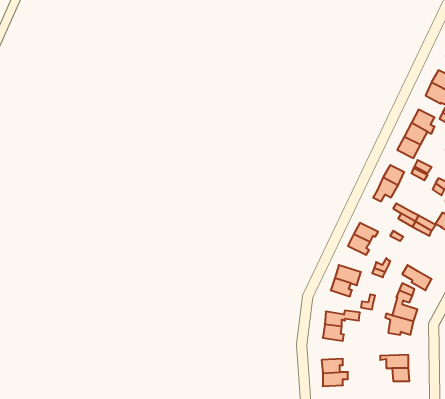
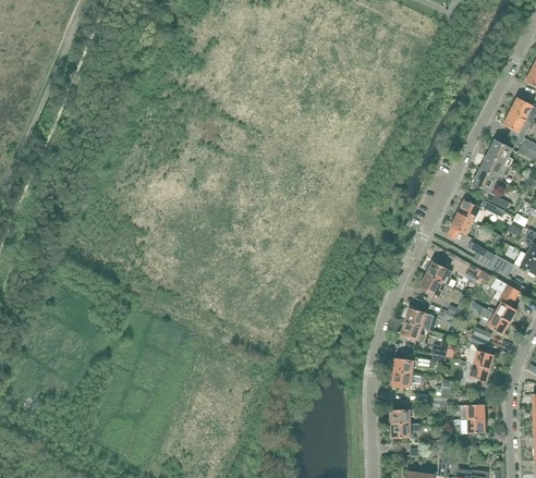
building: none -> [494,279,519,322]

